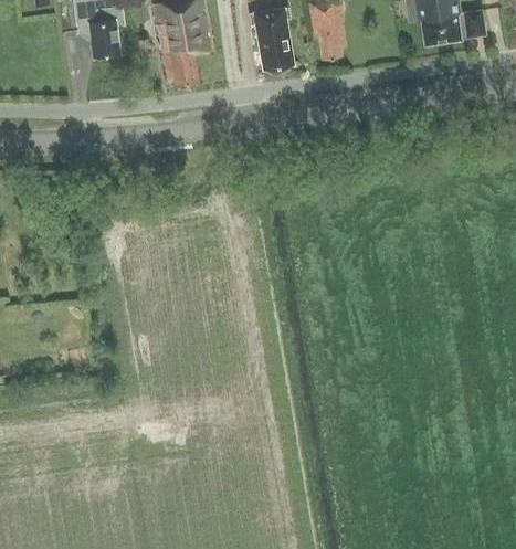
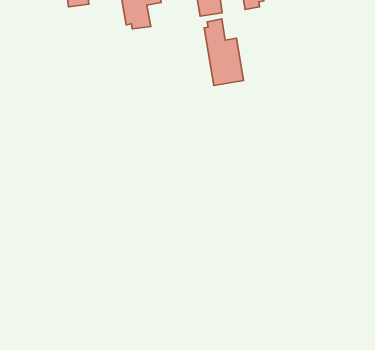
building: none -> [204,19,244,85]

